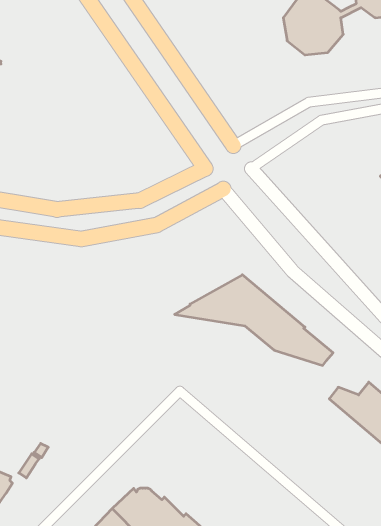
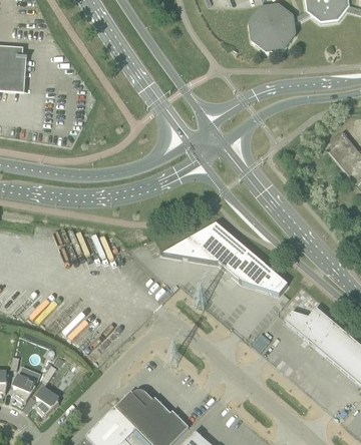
building: none -> [36,387,59,414]

